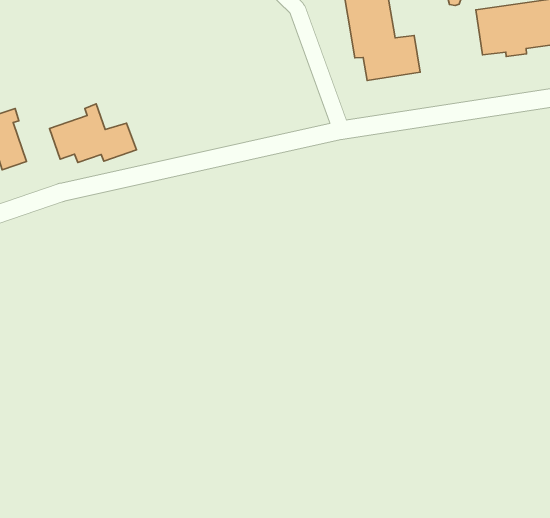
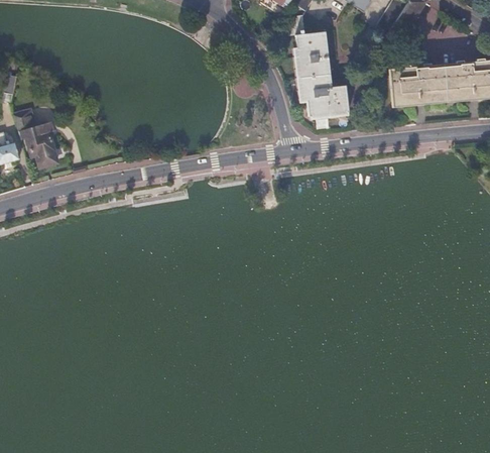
building: [49,104,136,162] -> none

